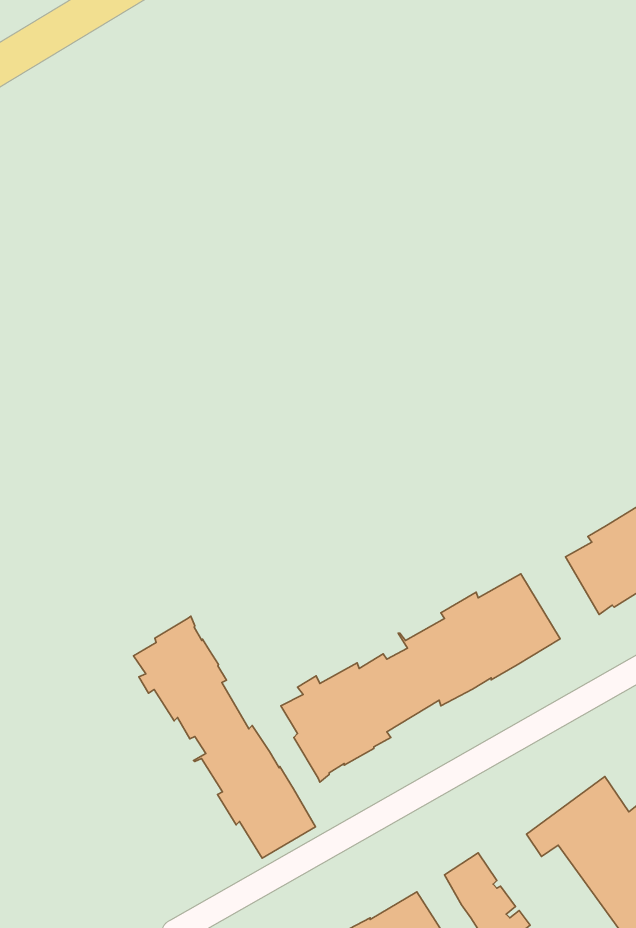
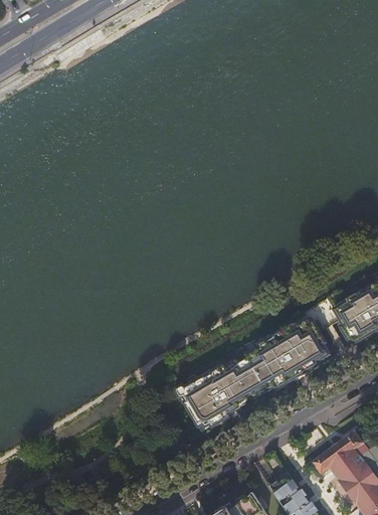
building: [133,616,316,858] -> none

